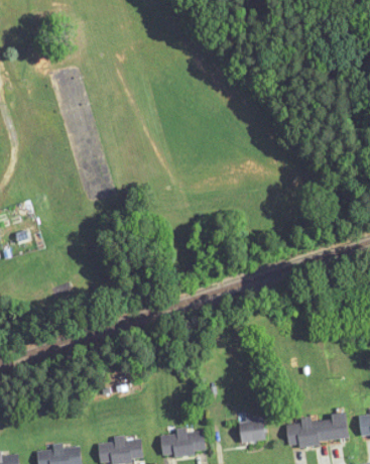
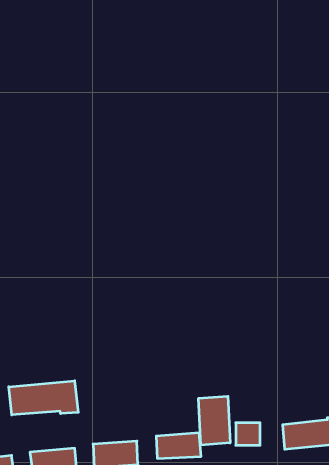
building: none -> [9,381,78,415]
building: none -> [199,396,230,445]

